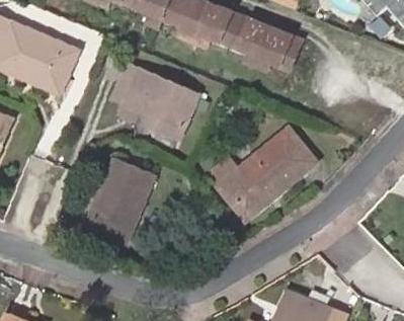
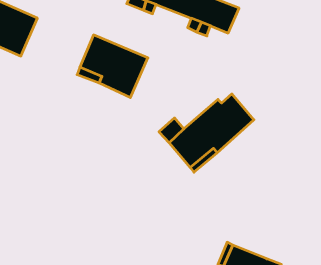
building: [85,161,152,243] -> none

